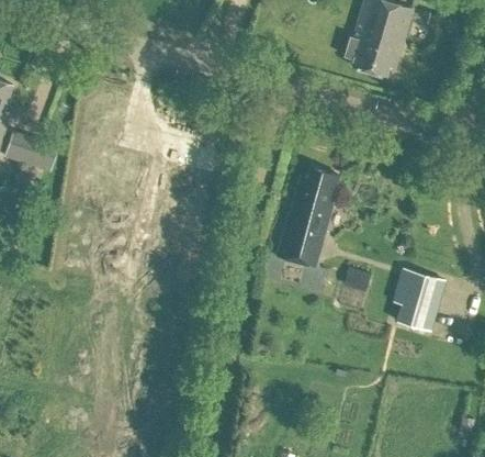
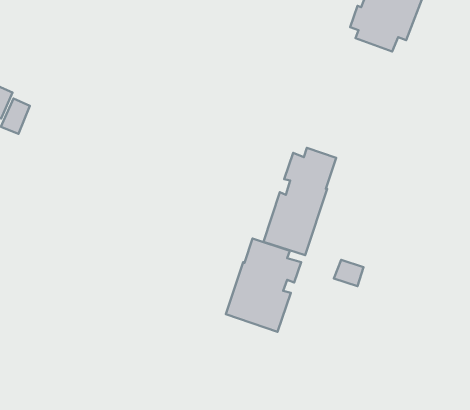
building: none -> [226,239,301,332]
building: [393,269,445,332] -> none

